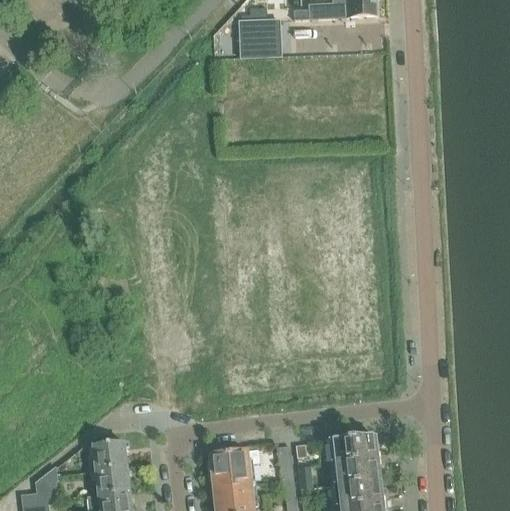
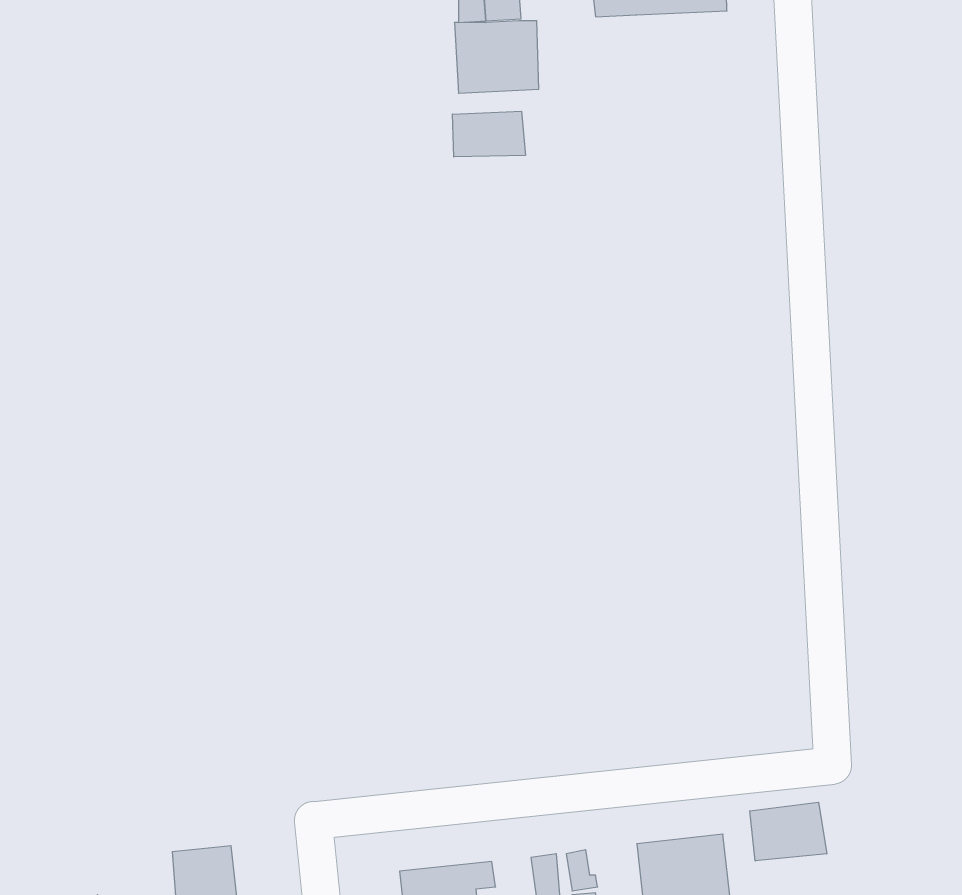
building: none -> [452,111,525,157]
building: none -> [750,802,827,861]

